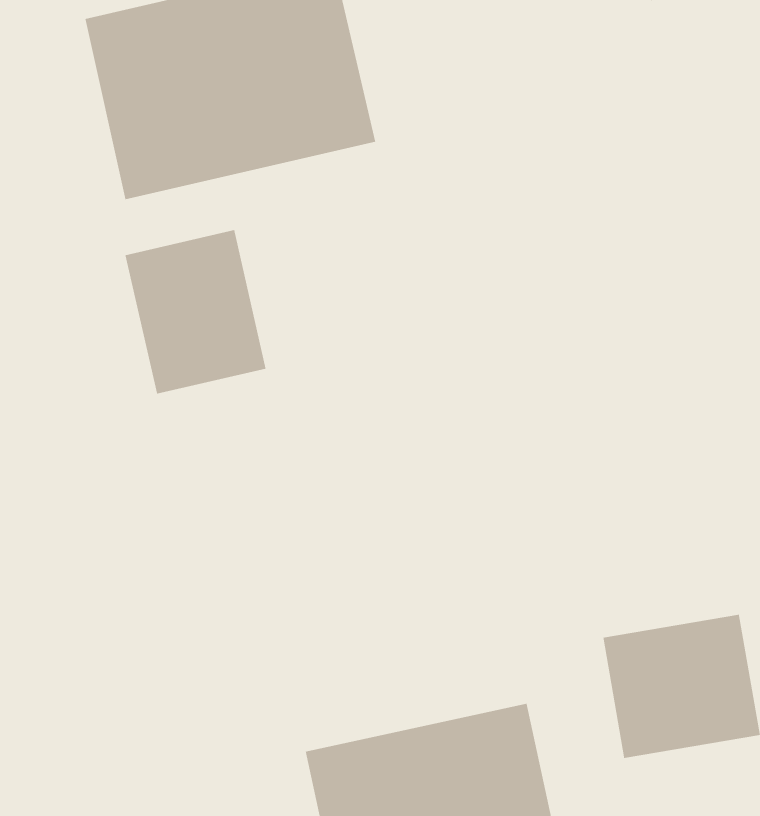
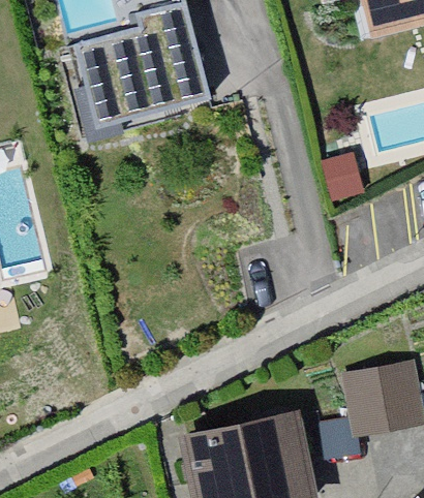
building: [125,229,267,395] -> none

